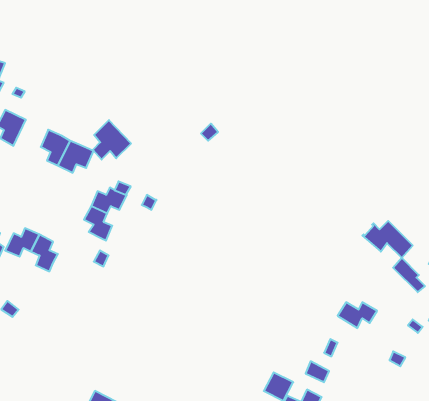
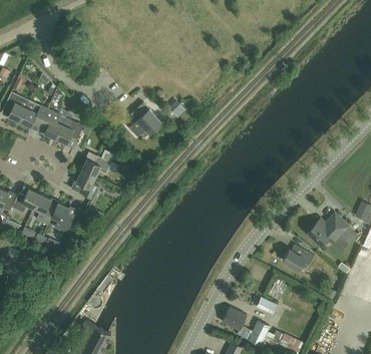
building: none -> [19,101,47,127]
building: [93,120,131,160] -> [130,104,161,136]
building: [362,221,413,258] -> [307,222,348,252]
building: none -> [51,204,73,234]

